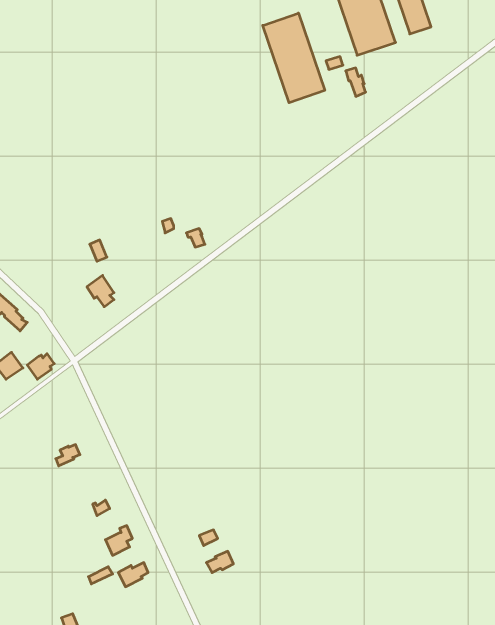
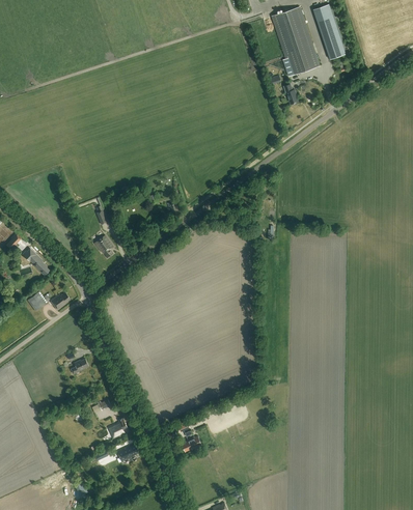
building: [263,13,325,103] -> none

